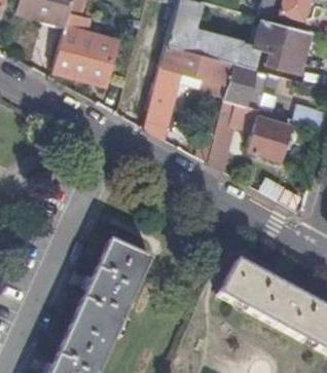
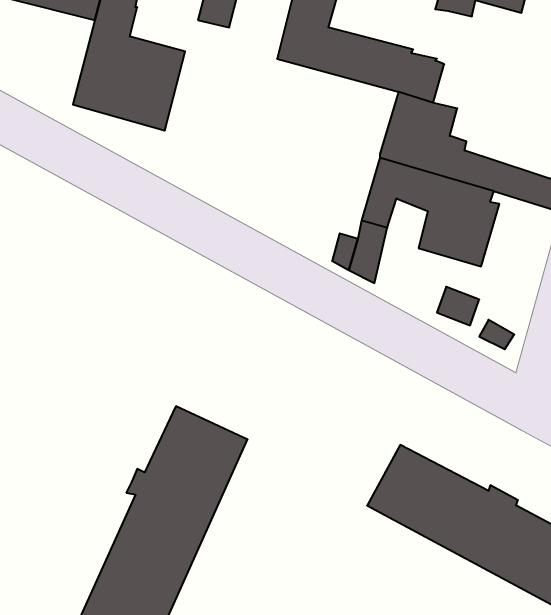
building: [256,18,311,73] -> none
building: [145,45,235,139] -> none

